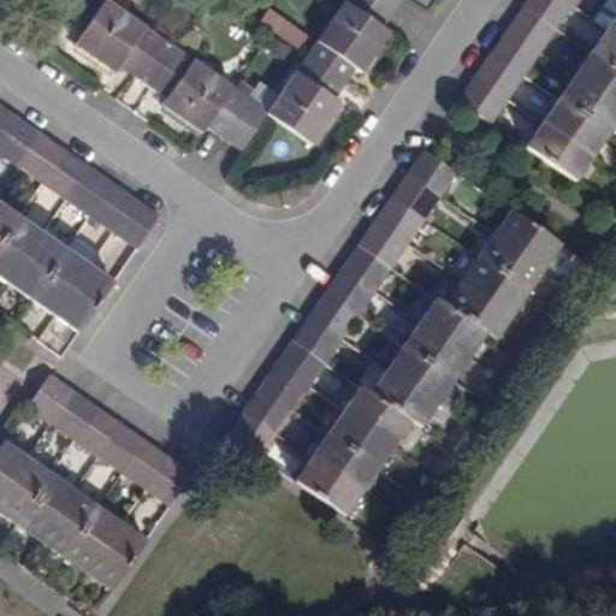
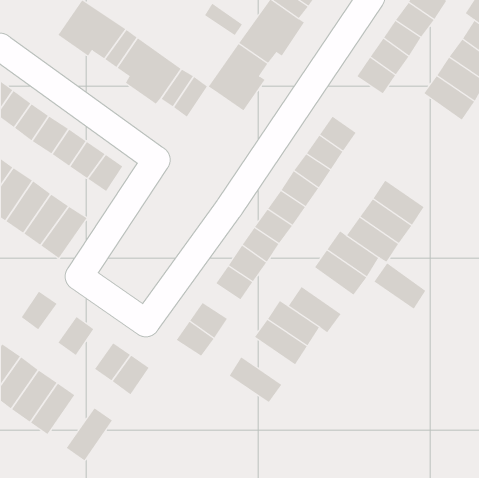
building: [527,119,593,179] -> none
building: [494,206,562,265] -> none
building: [387,342,455,402] -> [374,263,426,310]
building: [261,362,310,408] -> none
building: [52,389,100,438] -> none
building: [100,421,147,472] -> none
building: [310,431,380,492] -> none
building: [64,505,123,573] -> none

